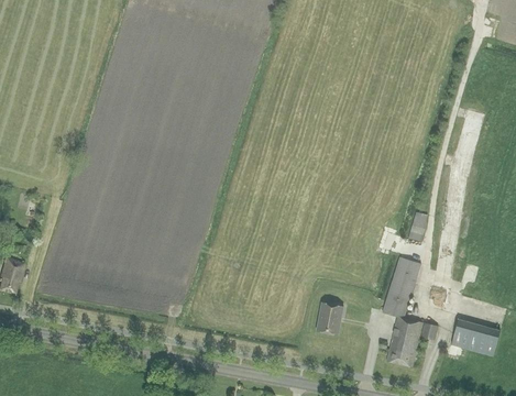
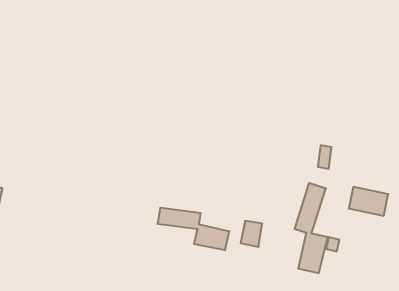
building: none -> [158,208,229,250]
building: [450,318,498,353] -> [349,187,388,216]

